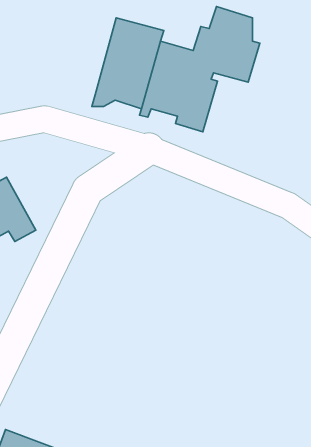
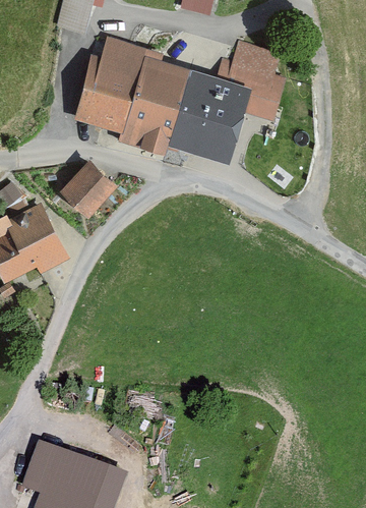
building: none -> [76,44,143,126]
building: none -> [63,164,114,215]

